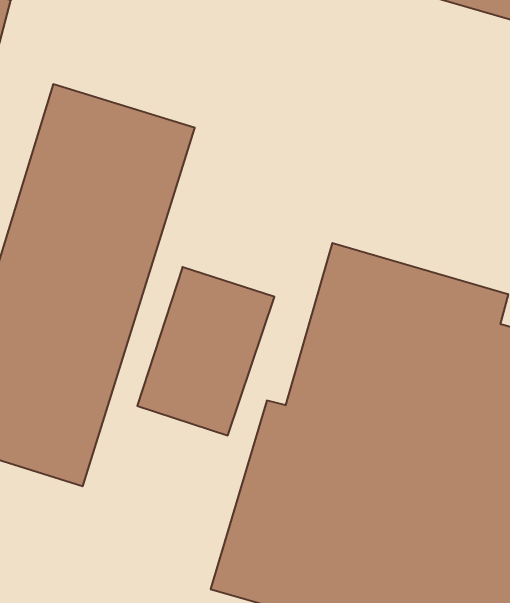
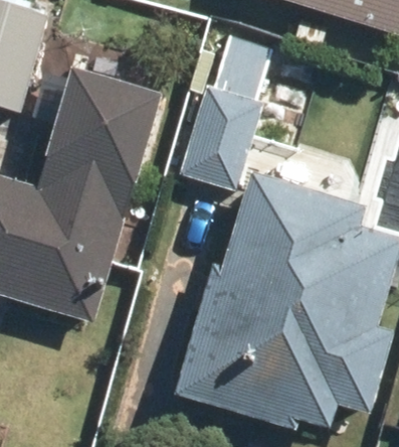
building: [137,267,274,435] -> [177,82,265,190]

